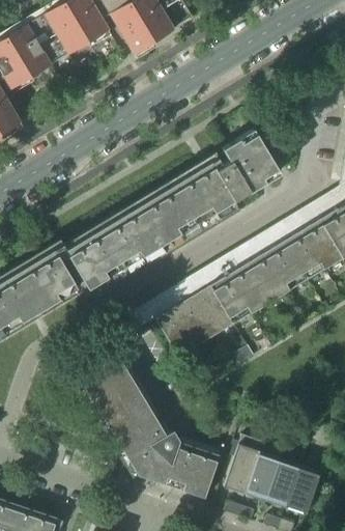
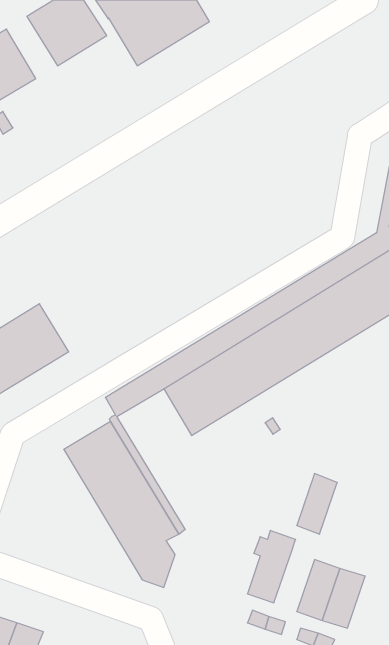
building: [65,135,280,289] -> none
building: [155,442,220,499] -> none
building: [246,452,279,502] -> [297,474,337,534]

